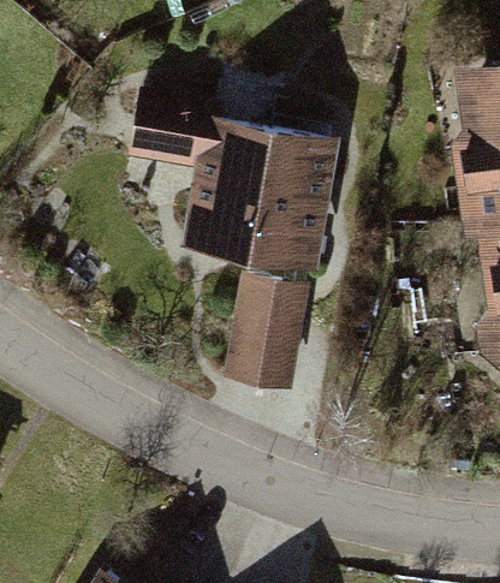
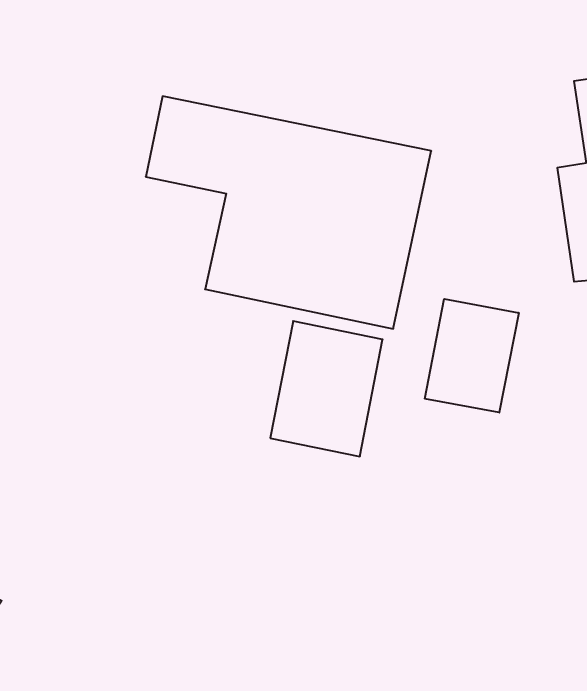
building: none -> [425,299,519,413]

